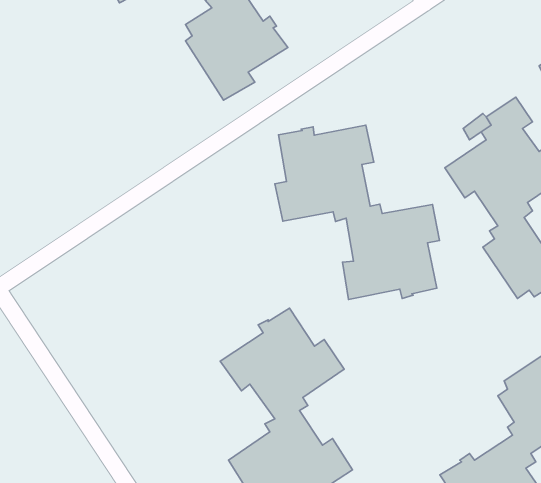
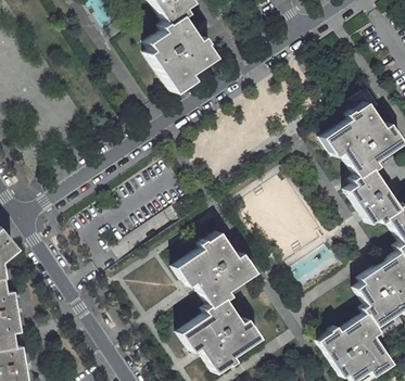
building: [275,125,439,299] -> none

